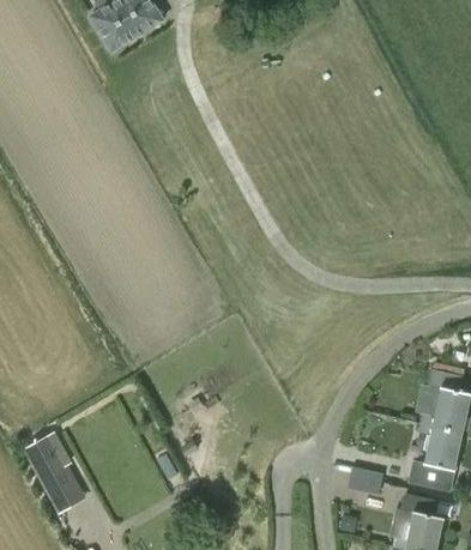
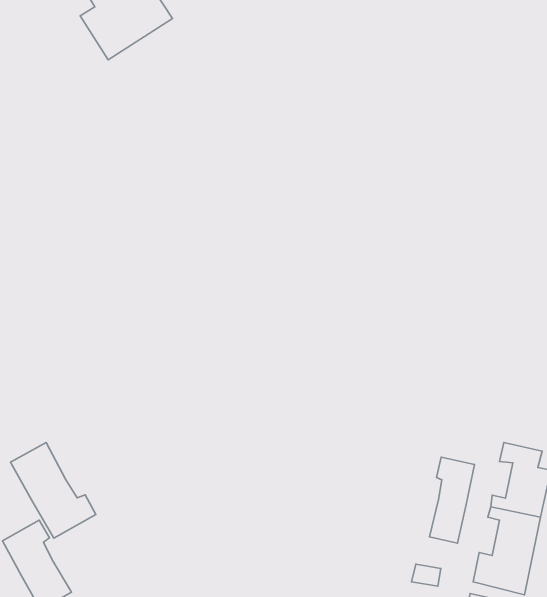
building: none -> [11,442,96,538]
building: none -> [430,457,474,543]

